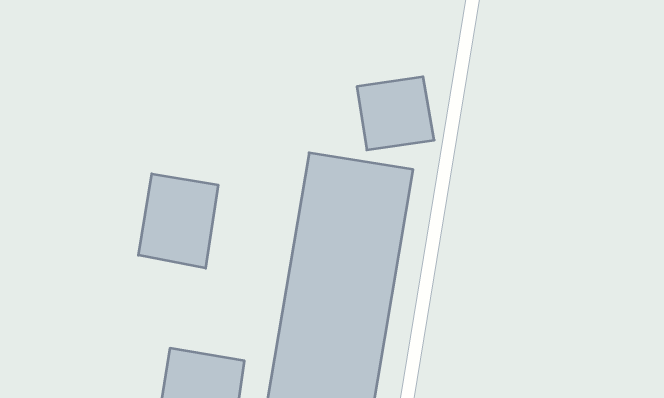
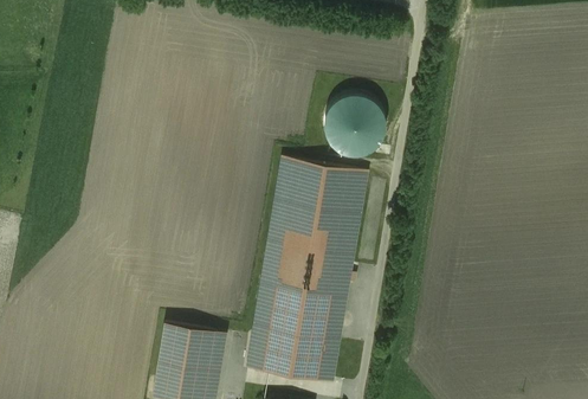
building: [138,174,218,268] -> none

